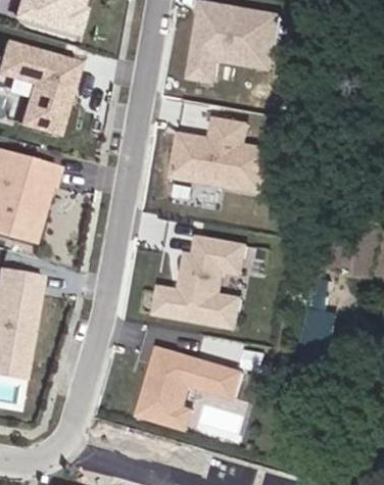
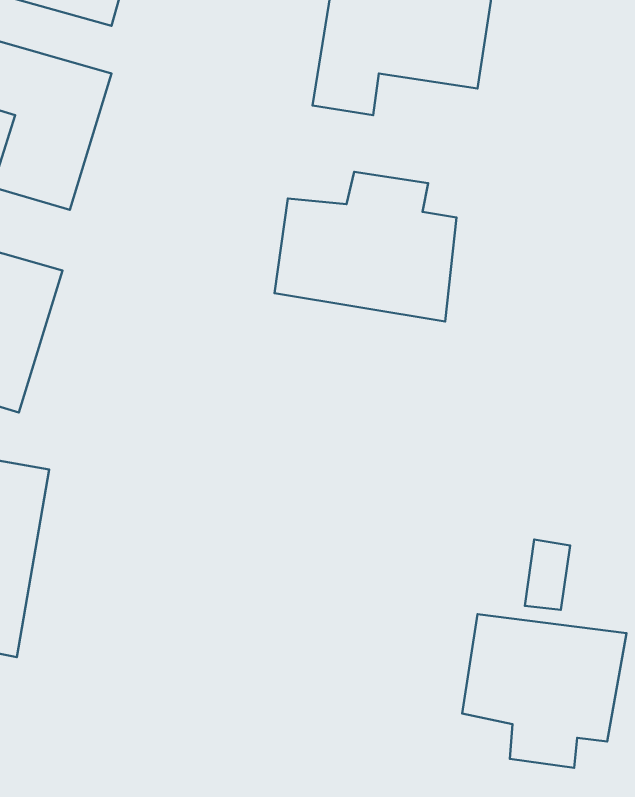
building: [156,232,252,330] -> none
building: [139,344,250,432] -> none
building: none -> [462,614,627,768]

